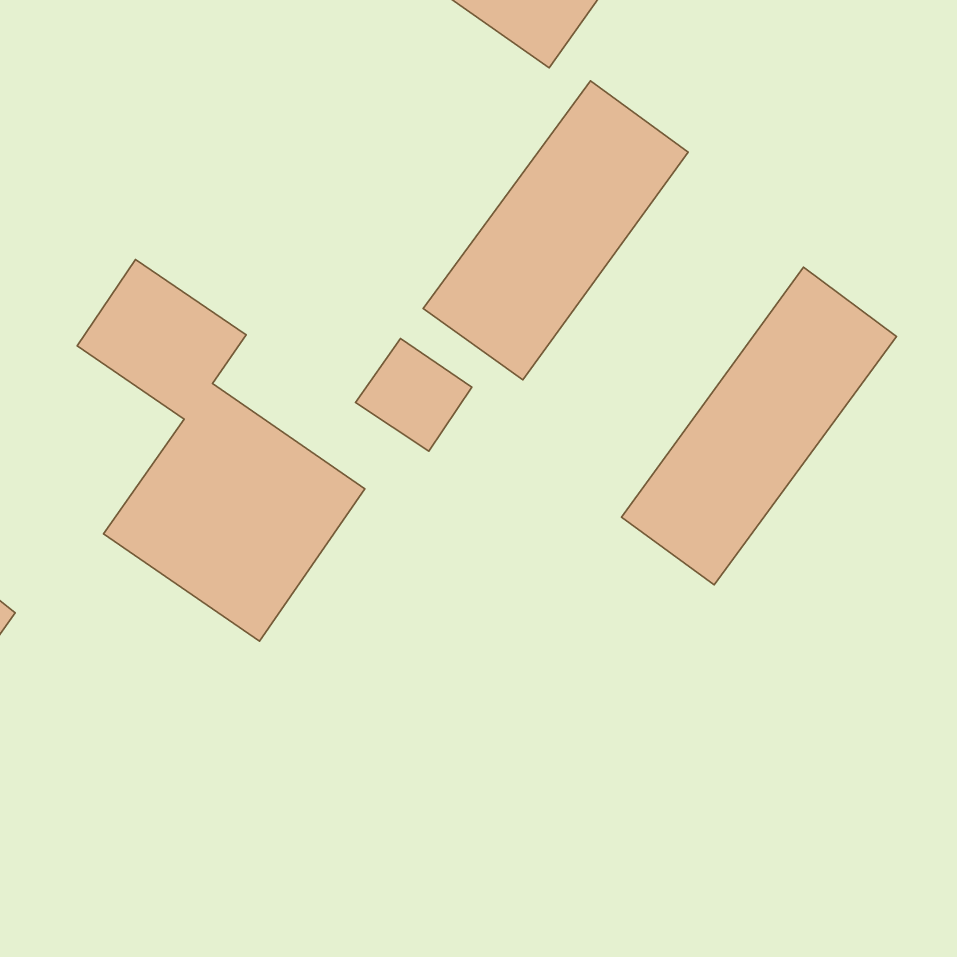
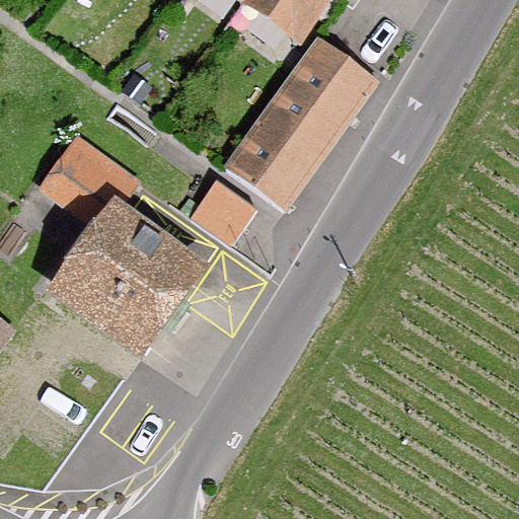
building: [622,267,896,585] -> none

